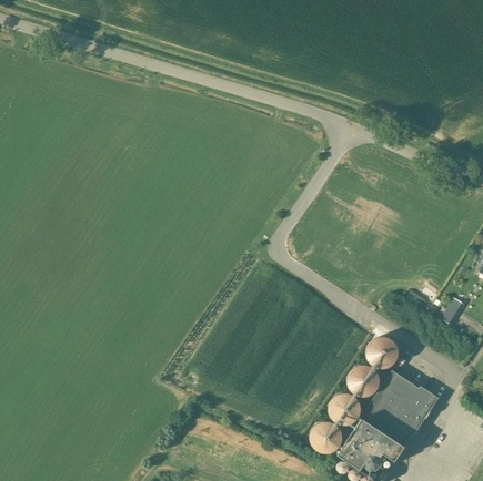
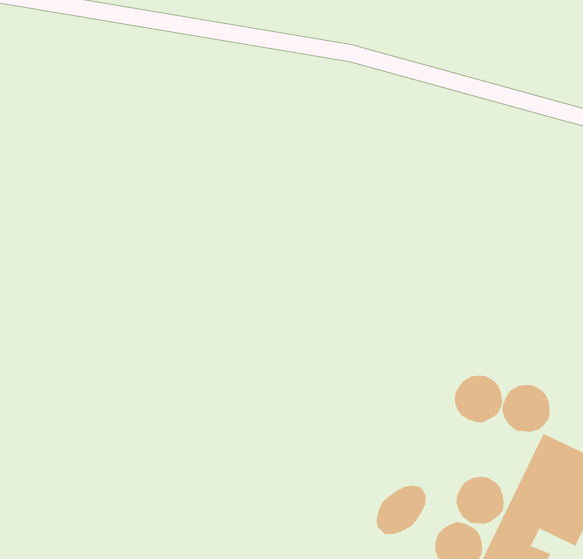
building: [346,365,379,397] -> [454,375,503,423]
building: none -> [376,485,426,535]

